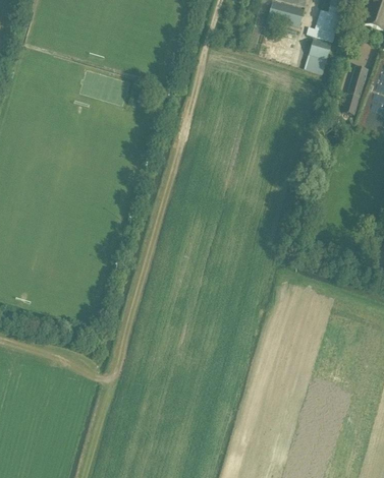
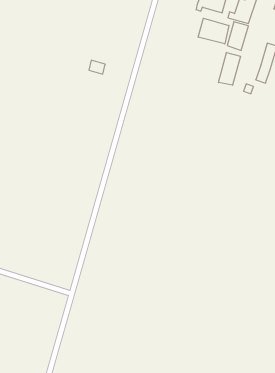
building: none -> [198,18,229,44]
building: none -> [219,52,241,85]

